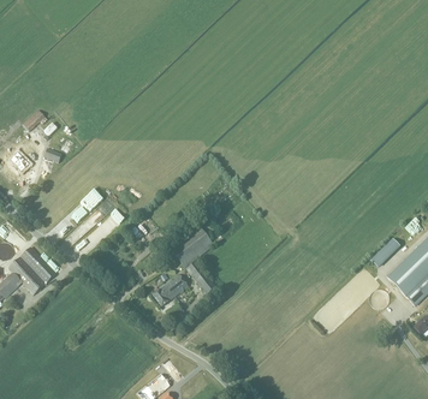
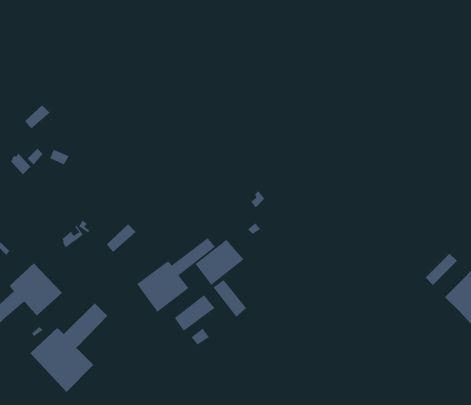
building: none -> [136,237,216,313]
building: none -> [30,302,108,393]

